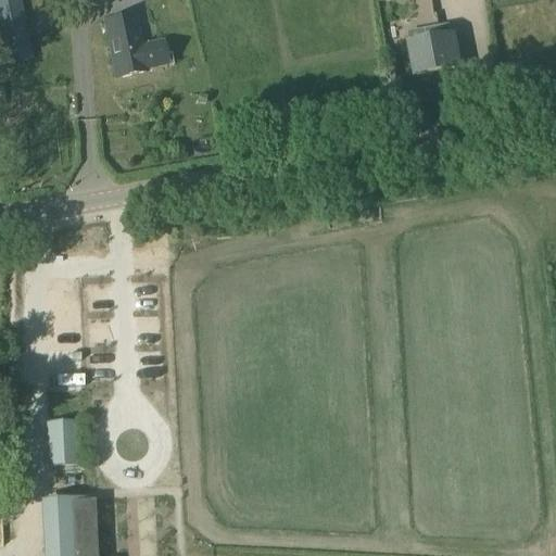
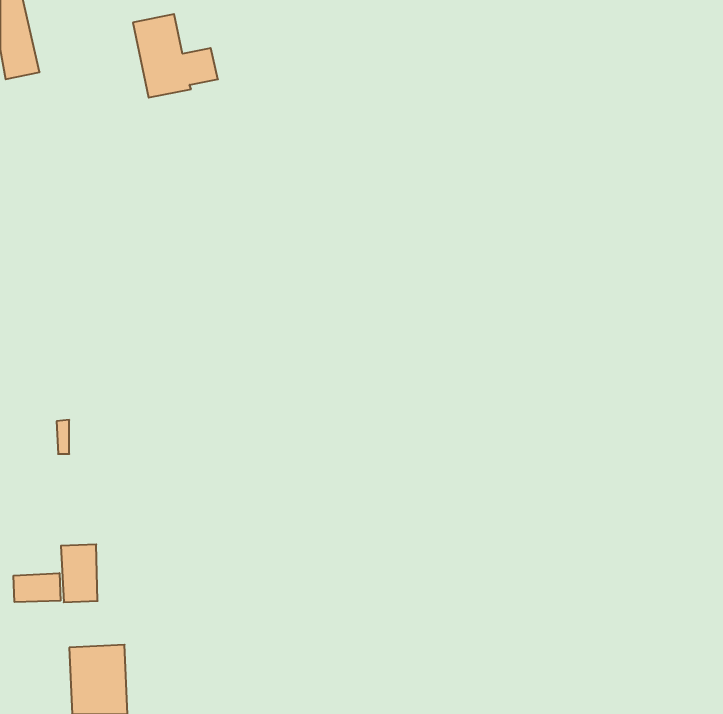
building: [410,20,458,73] -> none
building: none -> [14,573,60,602]

